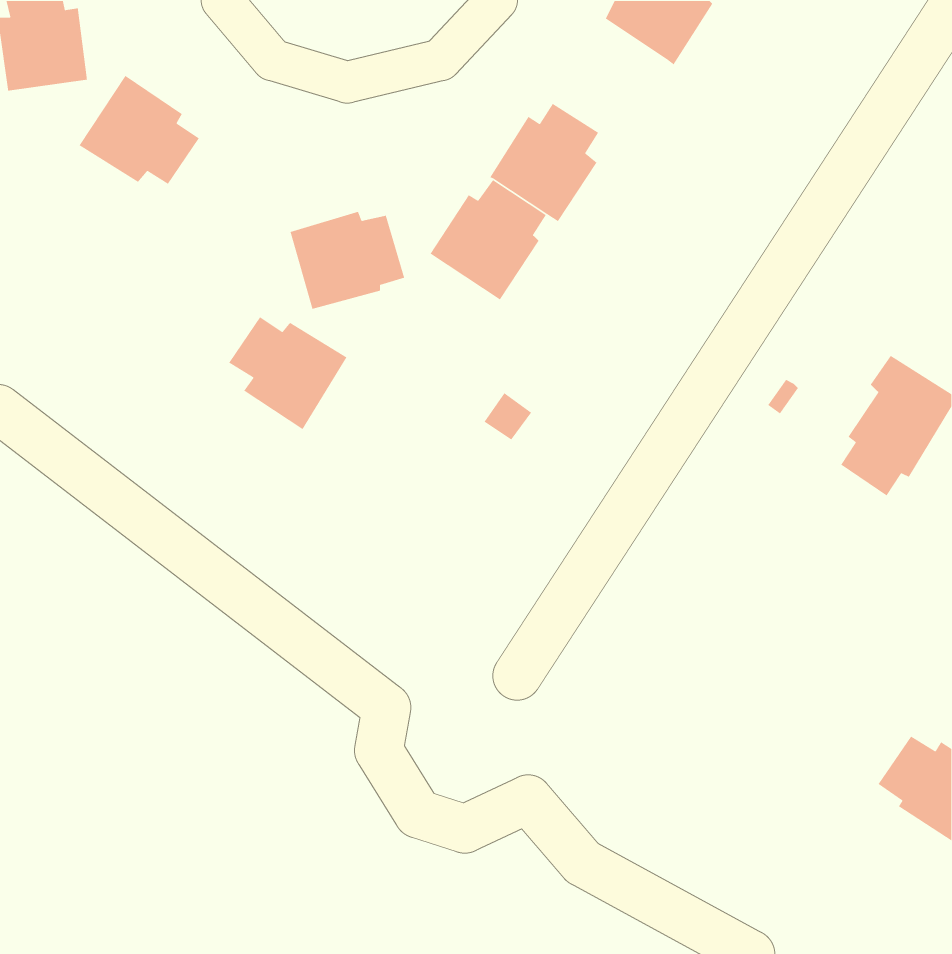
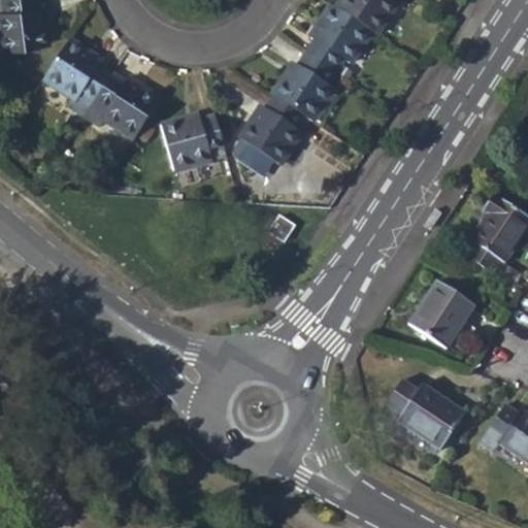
building: none -> [305,7,368,73]
building: [228,316,348,430] -> [93,76,159,139]
building: none -> [407,284,472,349]
building: none -> [383,381,462,451]

